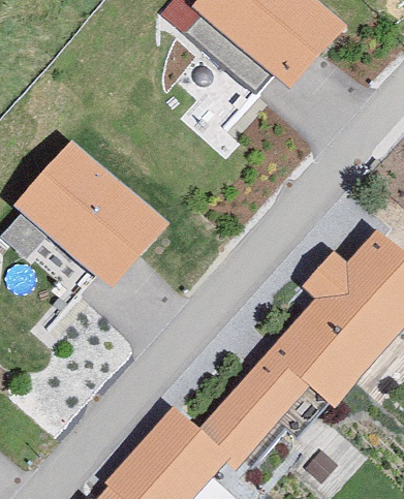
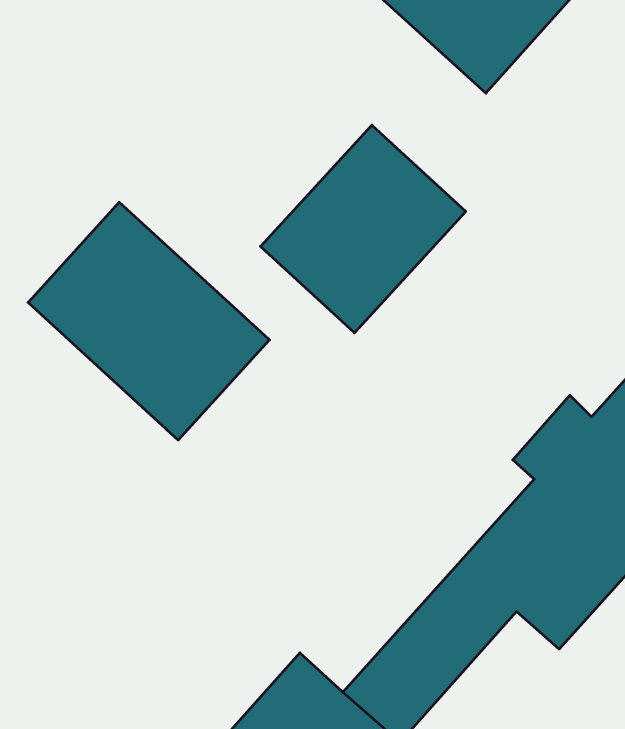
building: none -> [260,125,466,333]

